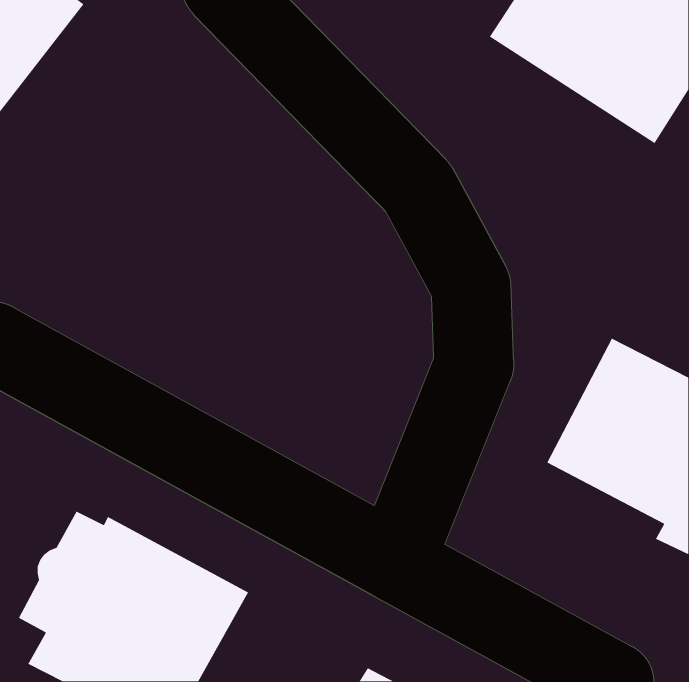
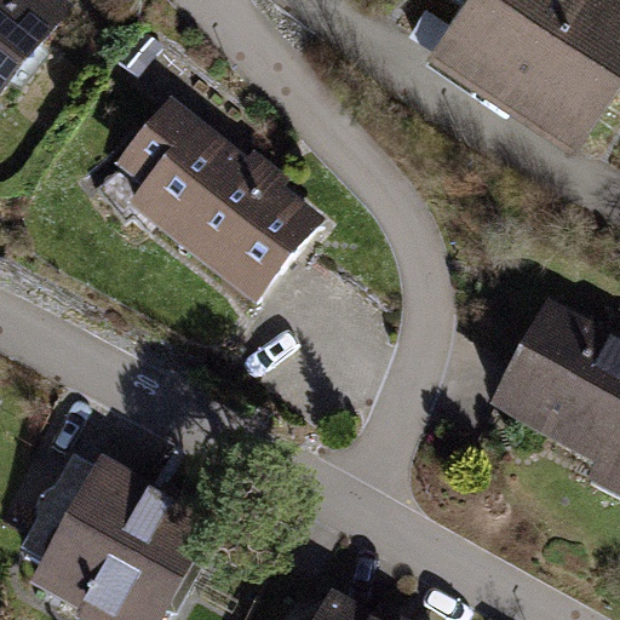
building: none -> [108,97,329,298]

